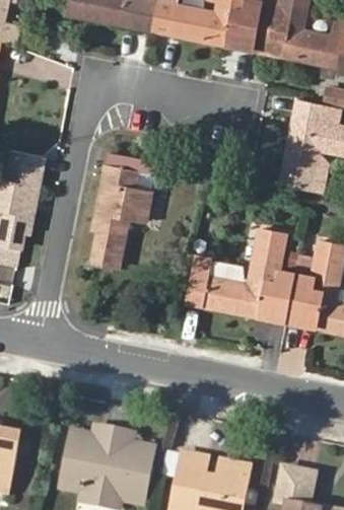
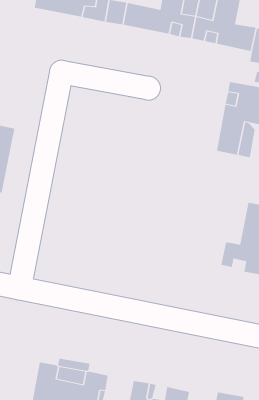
building: [97,155,163,270] -> none
building: [187,230,295,320] -> none

